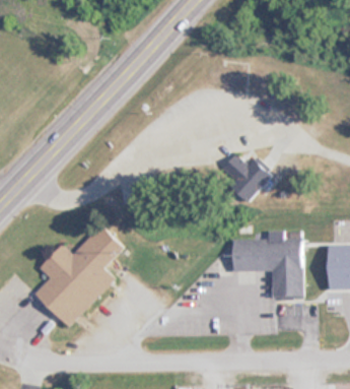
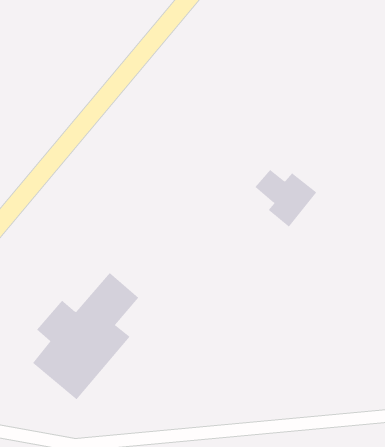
building: [230,238,301,298] -> none

